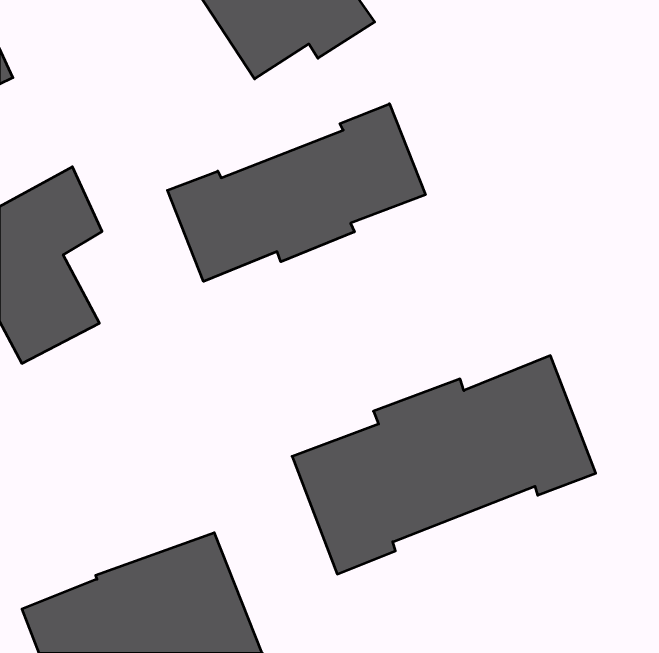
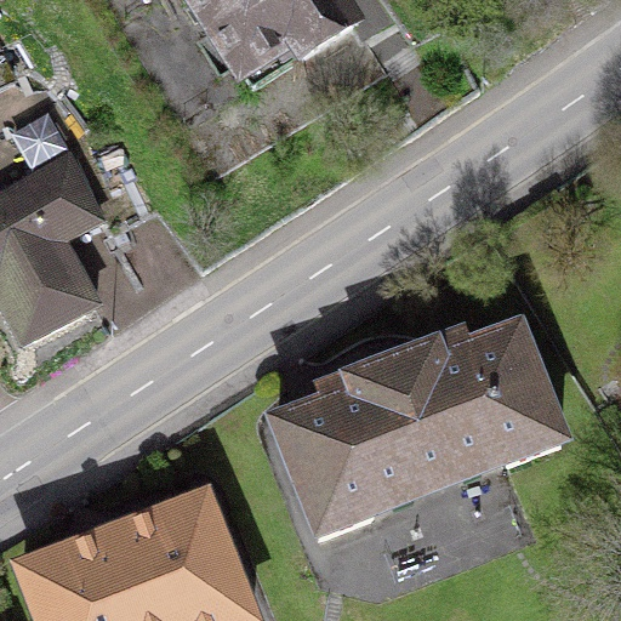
building: [167,104,425,281] -> none

